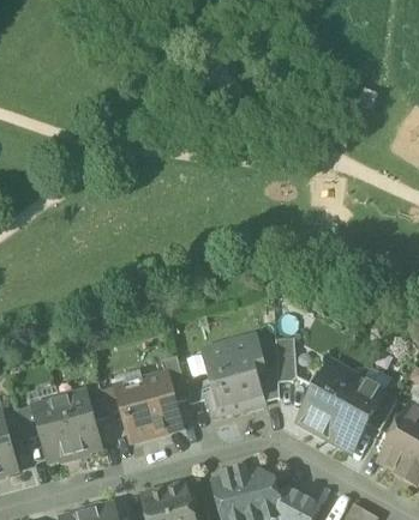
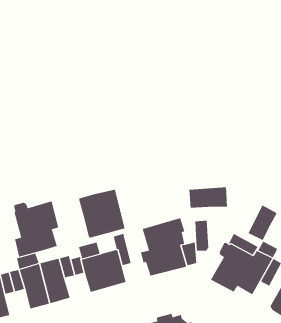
building: none -> [189,186,227,209]
building: none -> [78,189,125,239]
building: none -> [14,201,59,257]
building: none -> [248,205,278,241]

